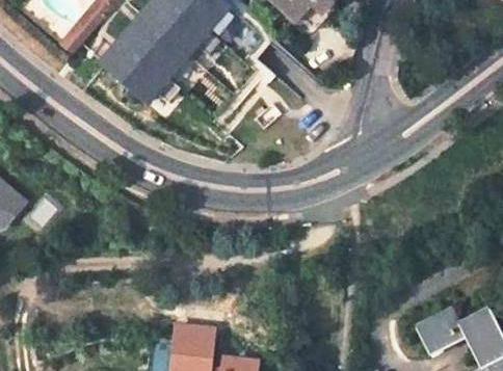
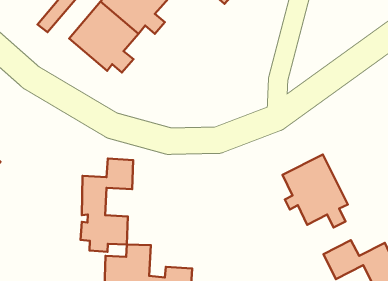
building: none -> [282,155,348,228]
building: none -> [80,159,133,252]

